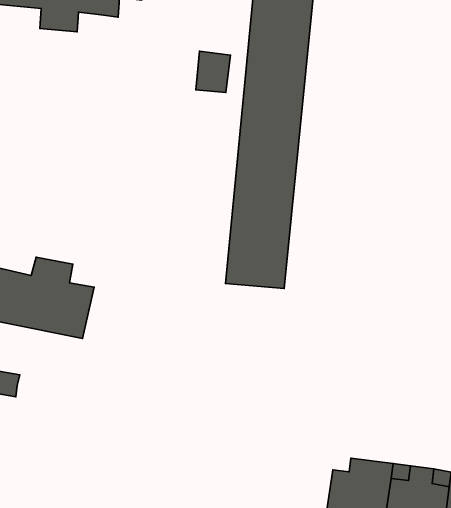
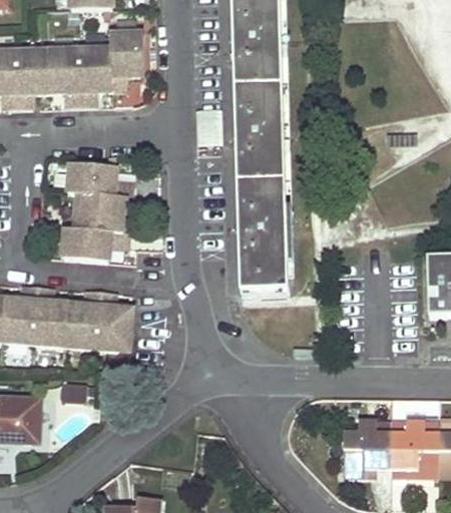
building: none -> [63,161,136,260]

